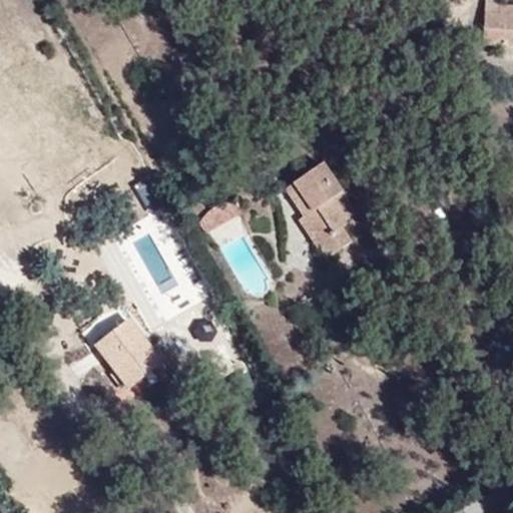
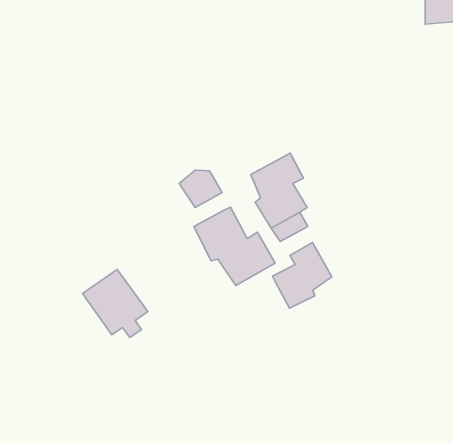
building: none -> [194,207,275,285]
building: none -> [273,242,332,308]

